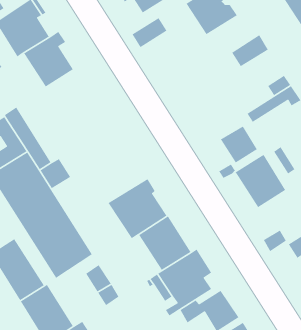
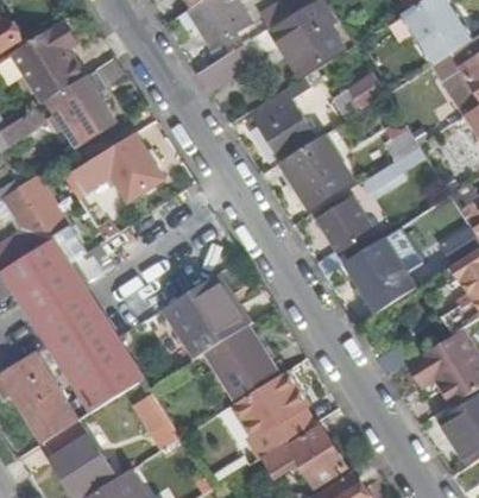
building: none -> [248,76,309,155]
building: none -> [75,132,162,201]
building: none -> [259,135,348,203]

